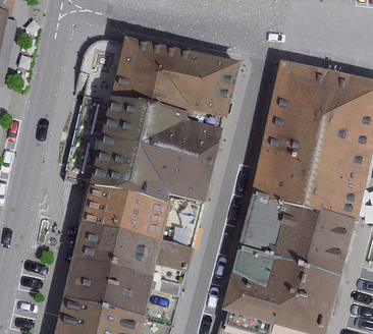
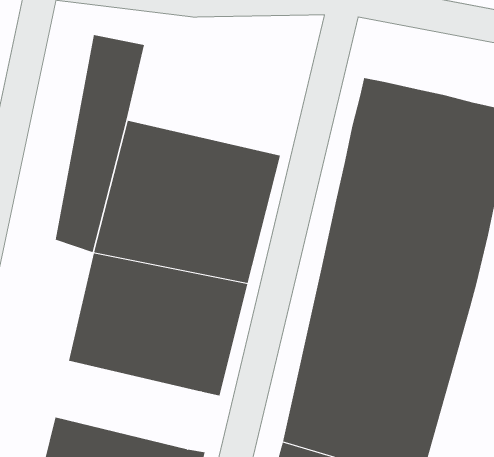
building: [118,38,237,114] -> none
building: [68,256,169,317] -> none

